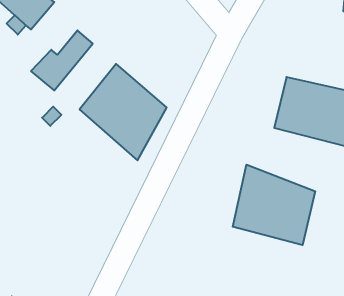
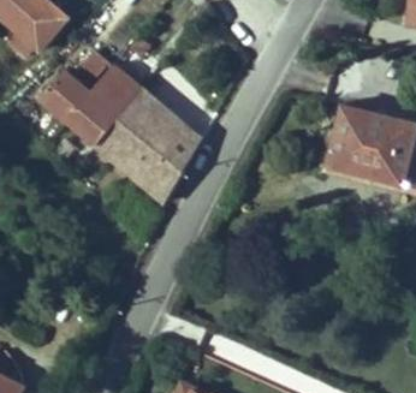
building: none -> [66,66,139,144]
building: [233,165,315,245] -> none

